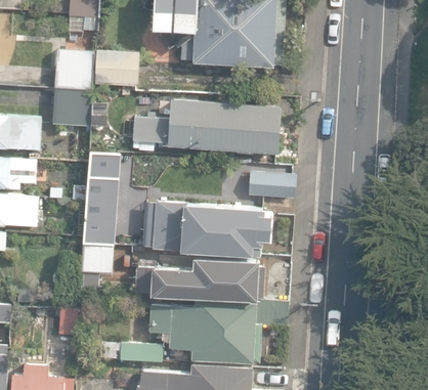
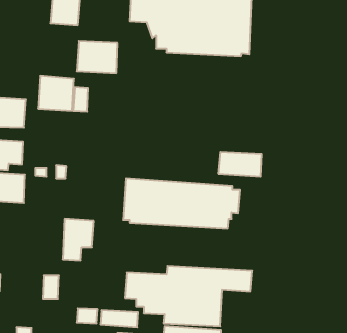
building: [54,49,94,92] -> none
building: [131,99,280,155] -> none
building: [83,151,120,245] -> none
building: [134,254,263,296] -> none

